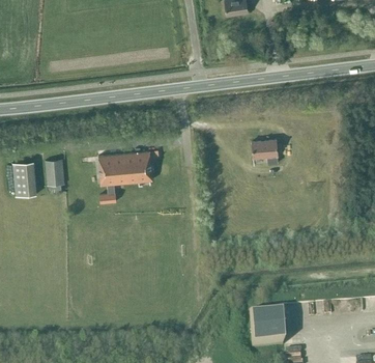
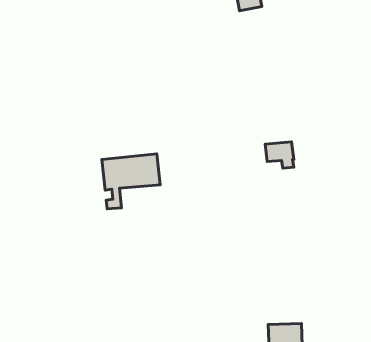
building: [45,159,64,192] -> none
building: [12,161,36,196] -> none

